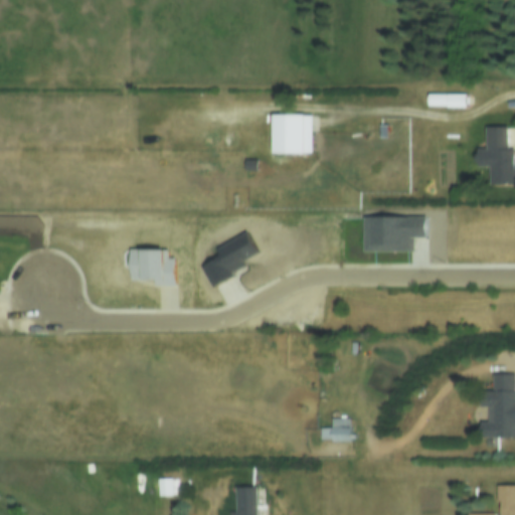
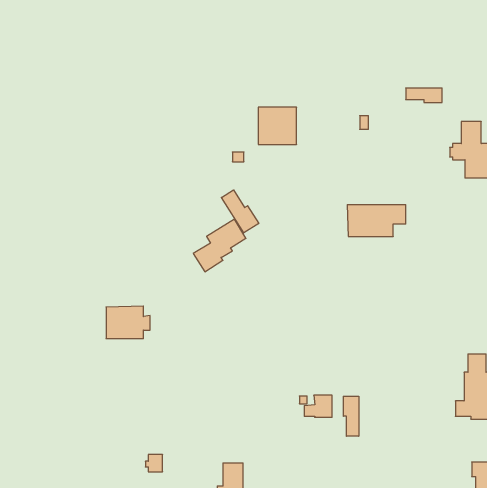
building: none -> [221,190,259,233]
building: [133,248,179,283] -> [106,306,150,339]
building: none -> [343,396,359,436]

